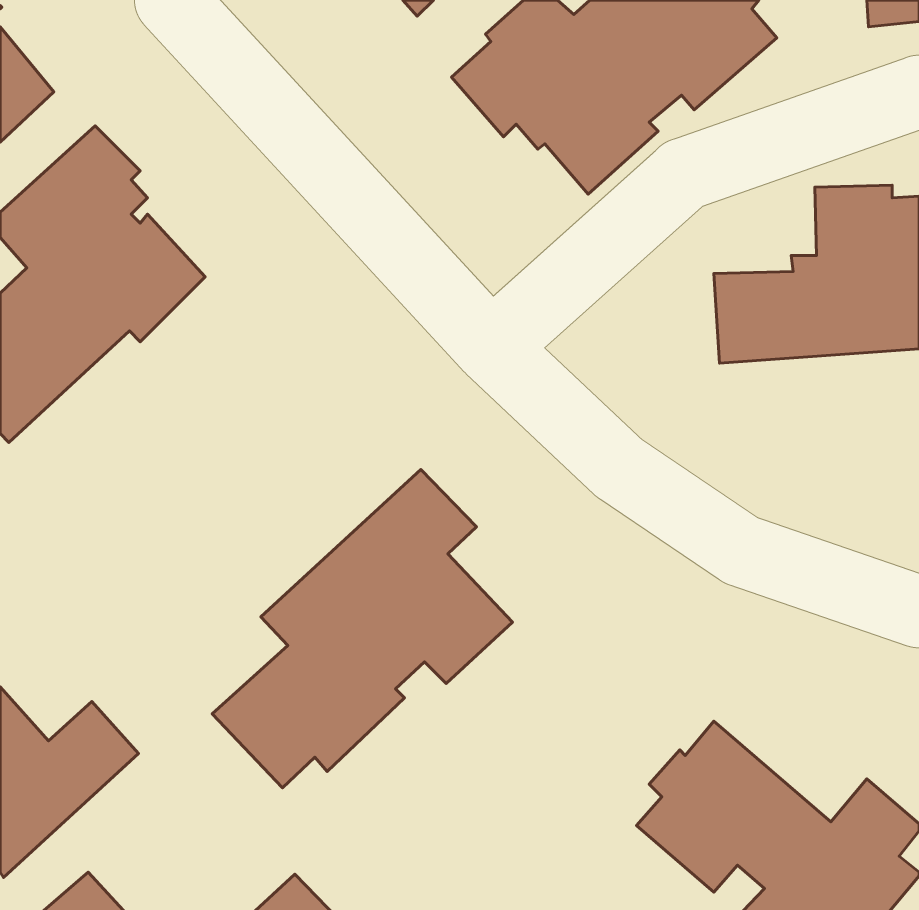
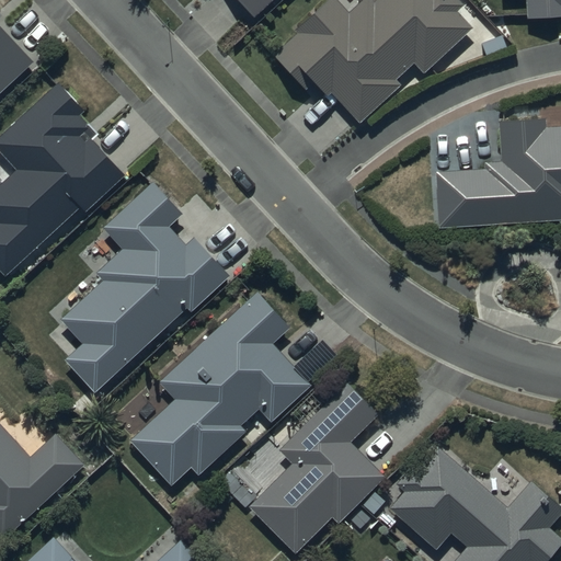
building: none -> [61,181,229,392]
building: none -> [248,382,383,553]

